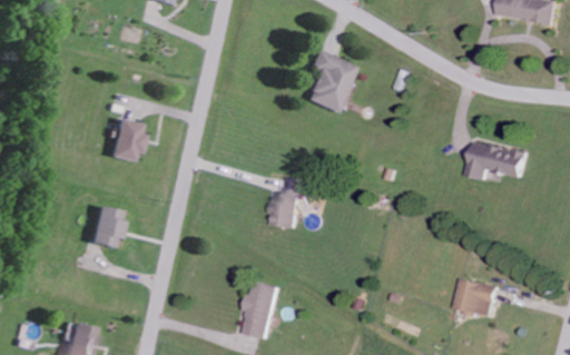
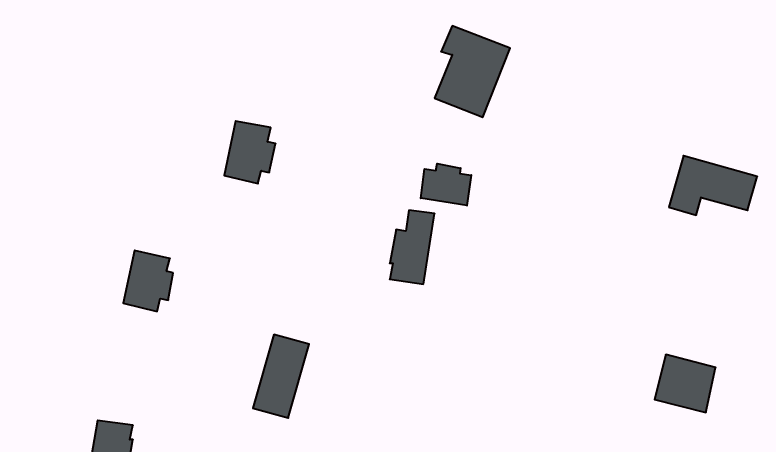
building: [106,118,141,161] -> [224,121,276,184]
building: none -> [421,164,471,206]
building: [240,280,279,338] -> [253,335,309,418]

